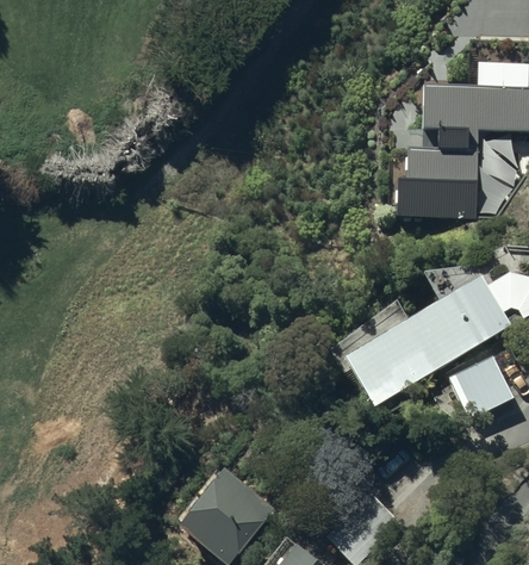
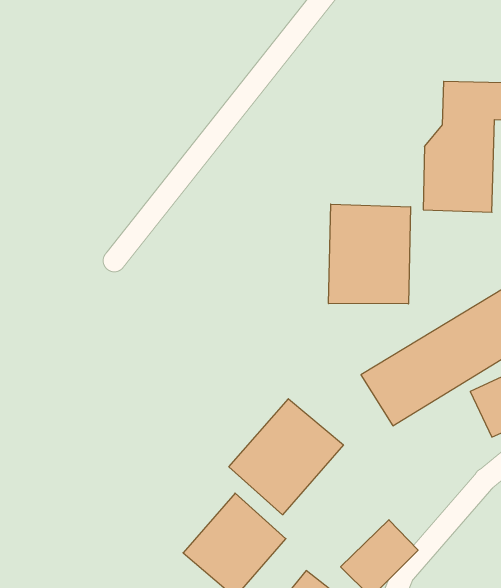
building: none -> [329,204,411,304]
building: none -> [229,399,343,515]

